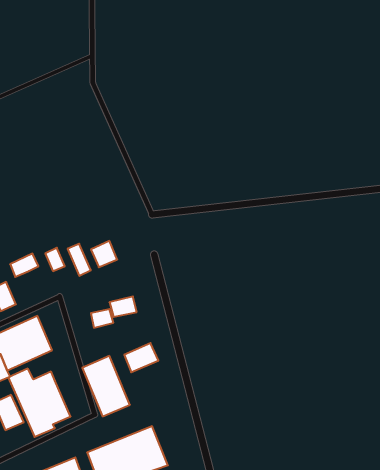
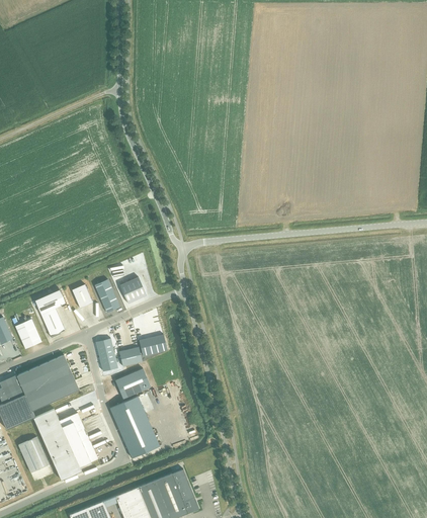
building: none -> [40,308,65,337]
building: none -> [96,338,117,371]
building: [124,343,158,372] -> [115,368,151,399]

